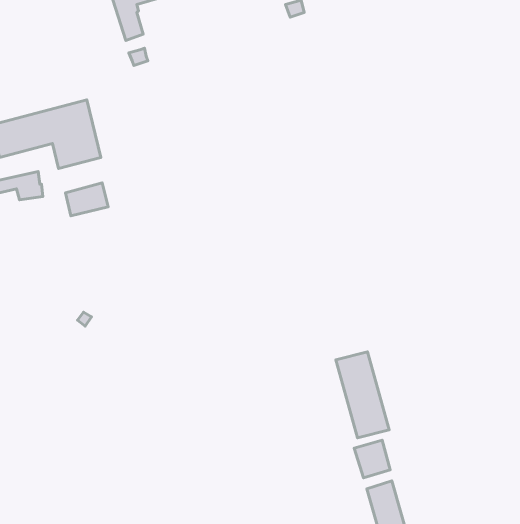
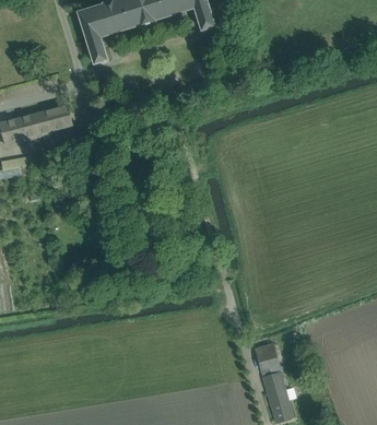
building: [65,183,108,216] -> none
building: [336,352,389,438] -> none

